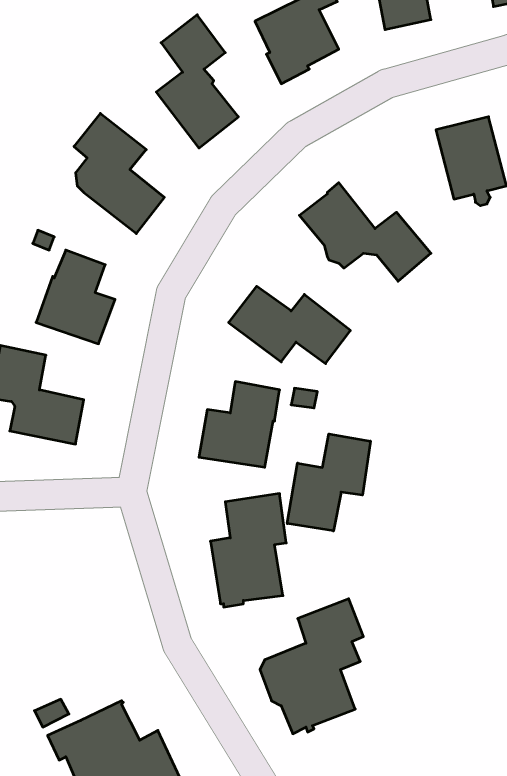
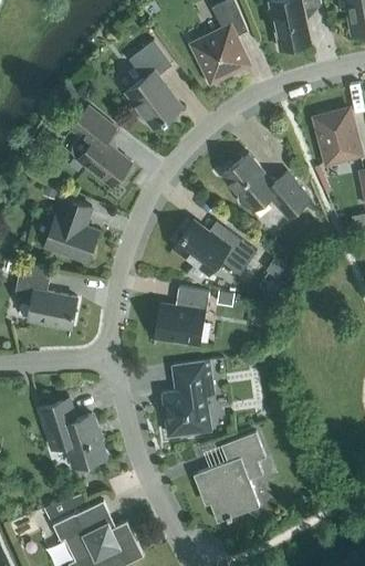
building: [287,434,370,531] -> none
building: none -> [40,399,105,467]

